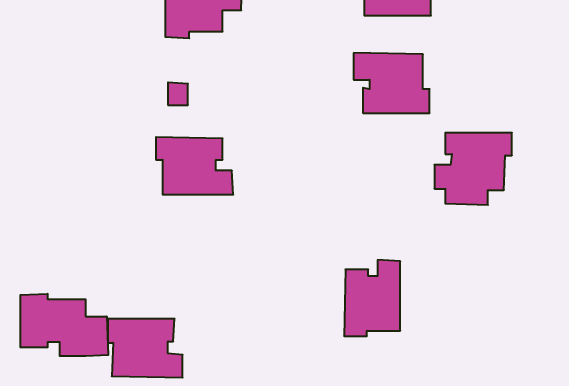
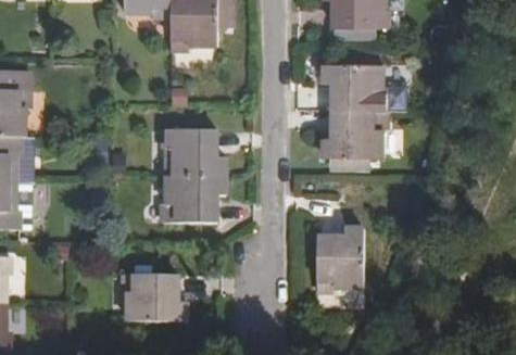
building: [434,133,512,205] -> [323,109,386,167]
building: none -> [162,175,226,221]
building: [20,294,108,356] -> none

